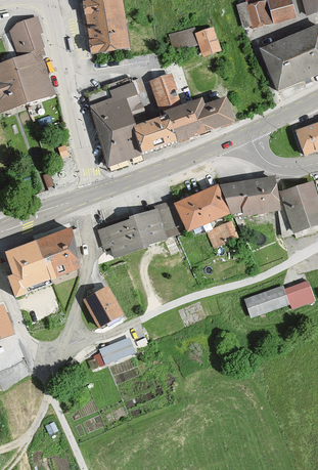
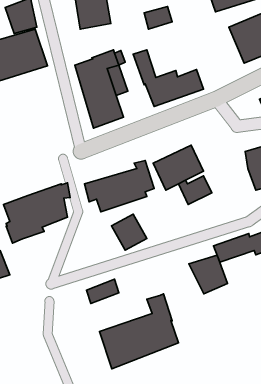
building: [194,27,221,56] -> none
building: [133,114,176,152] -> none
building: [218,176,282,213] -> none
building: [83,287,123,328] -> [112,214,147,250]
building: none -> [189,255,227,294]
building: none -> [100,294,178,369]

